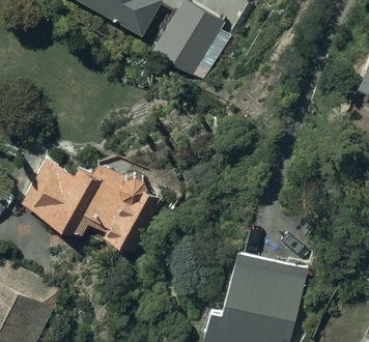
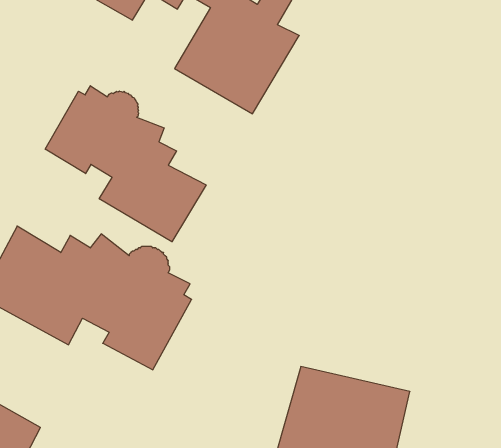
building: none -> [45,86,206,242]

